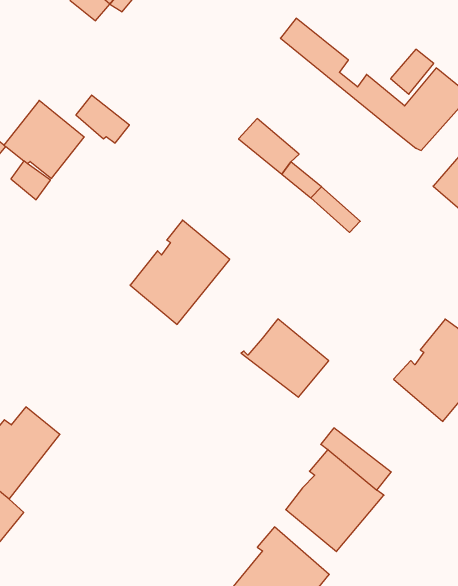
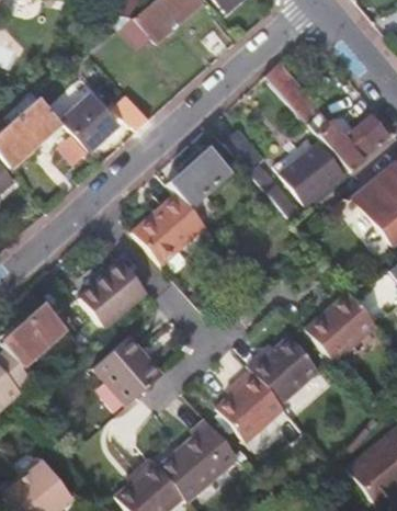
building: none -> [281,144,347,202]
building: none -> [171,151,230,227]
building: [241,319,329,397] -> [258,336,318,393]
building: none -> [80,261,146,327]
building: none -> [92,337,162,408]

